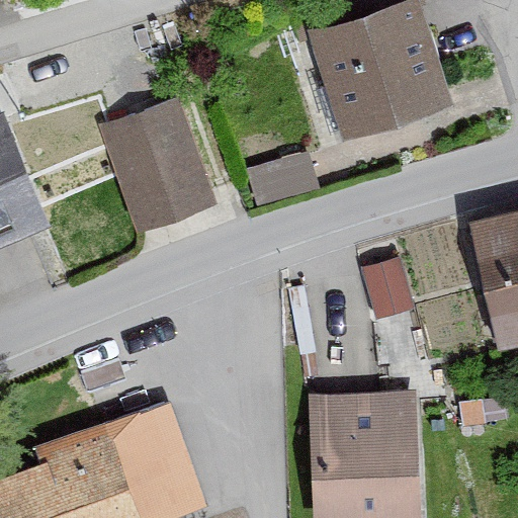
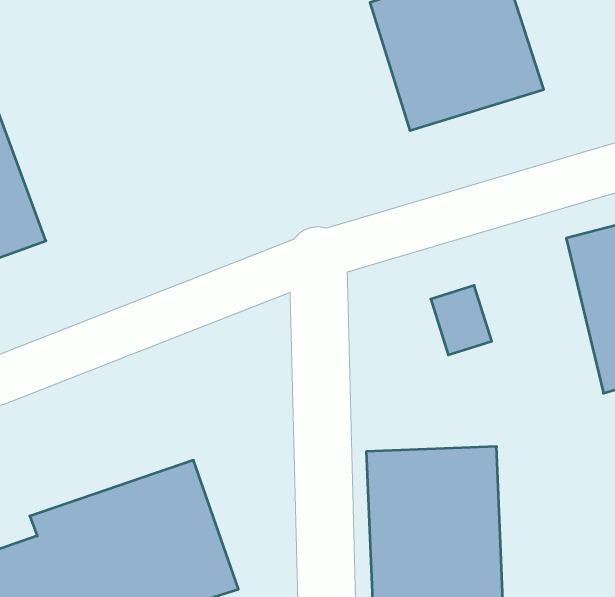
building: [98,95,221,231] -> none

